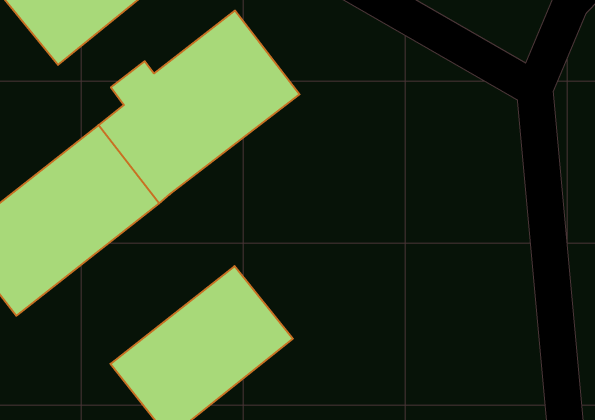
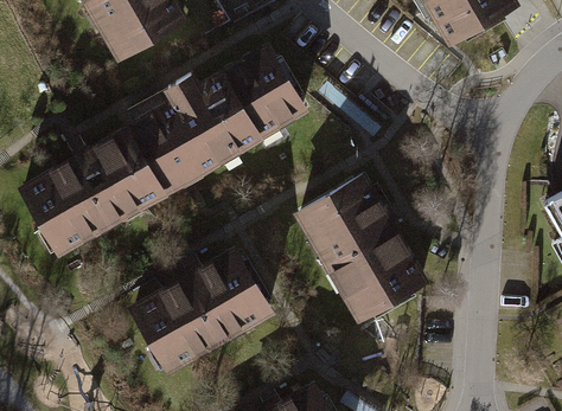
building: none -> [293,168,430,317]

